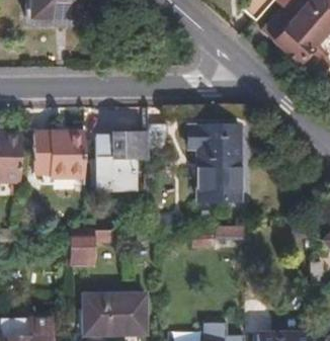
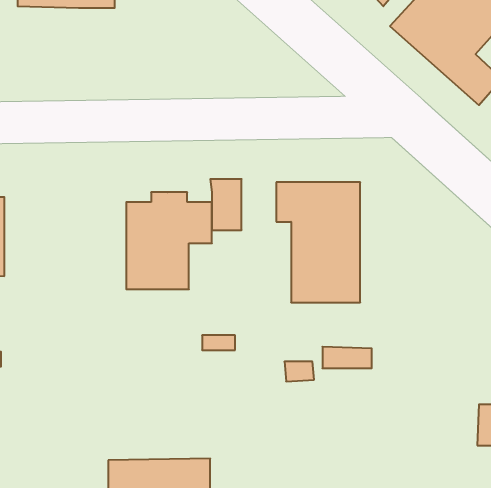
building: [33,131,82,177] -> none
building: [71,236,112,270] -> none

